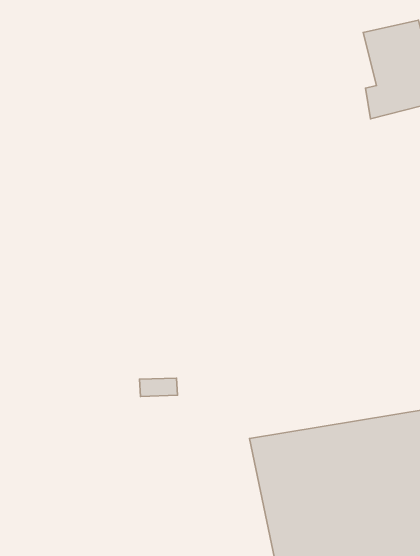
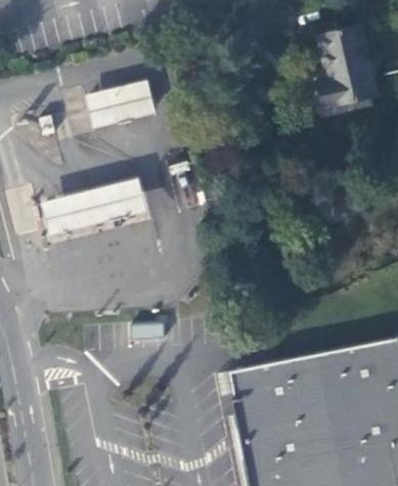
building: none -> [86,82,156,126]
building: none -> [43,176,149,234]

